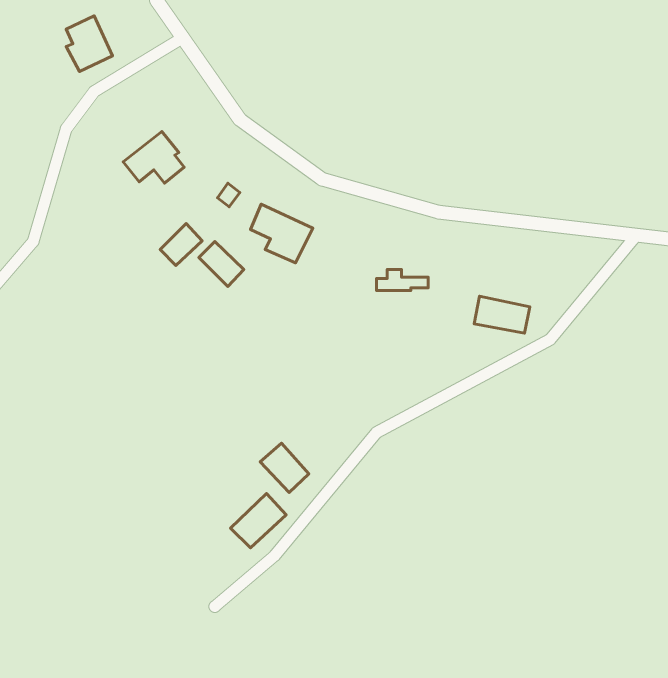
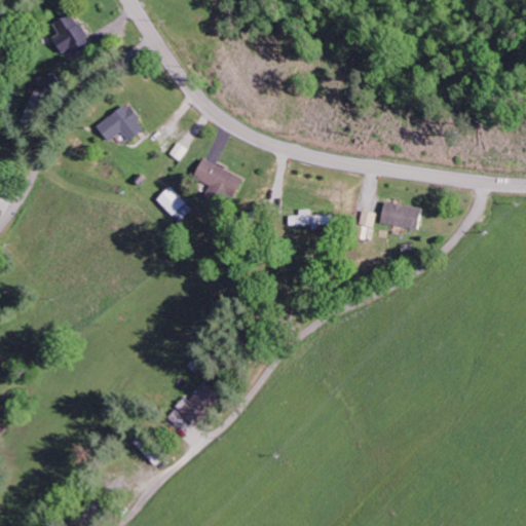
building: [160,223,202,266] -> none
building: [474,296,530,333] -> [379,200,422,229]
building: [260,443,309,492] -> none

